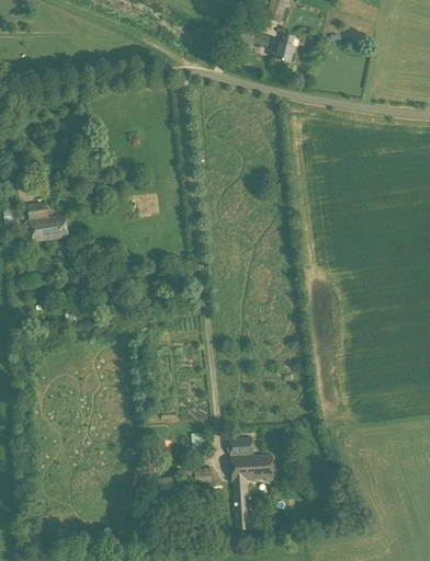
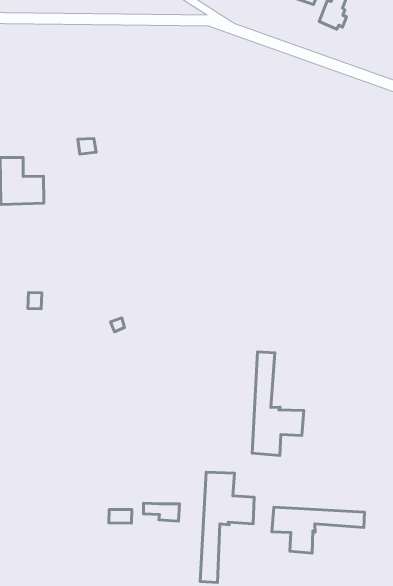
building: none -> [252,352,304,455]
building: none -> [272,507,365,553]

